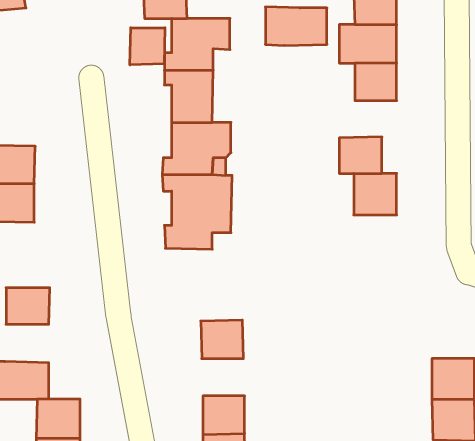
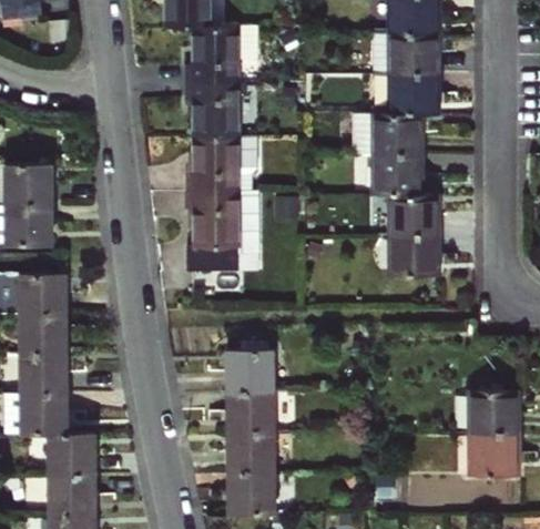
building: [265,7,327,45] -> [354,113,419,154]
building: [130,28,165,65] -> none
building: none -> [388,236,435,276]
building: none -> [19,272,65,314]
building: none -> [18,353,64,394]
building: none -> [227,389,273,429]

